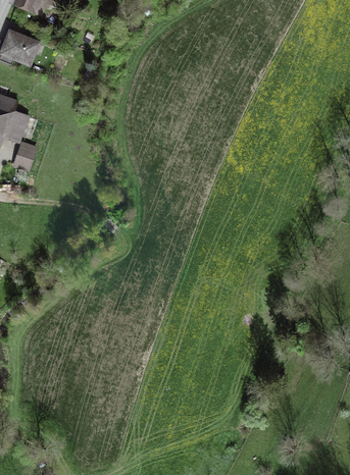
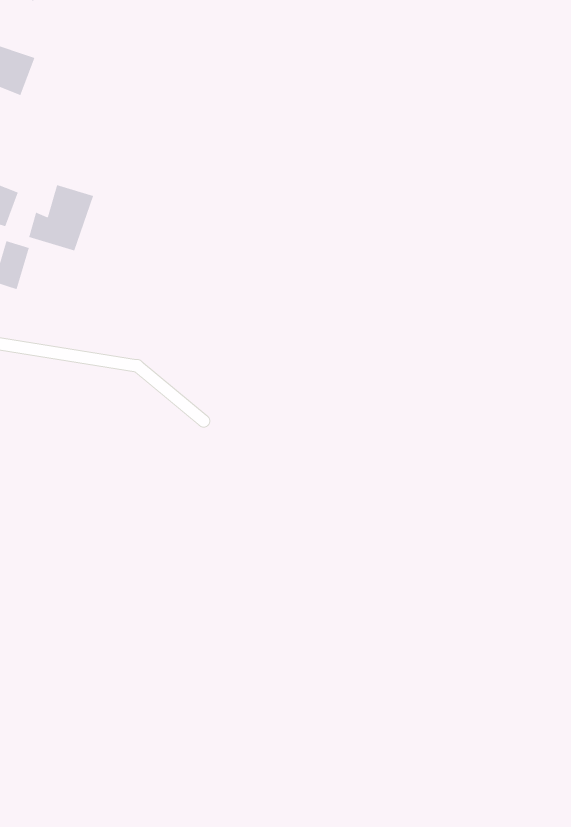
building: none -> [28,184,94,252]

